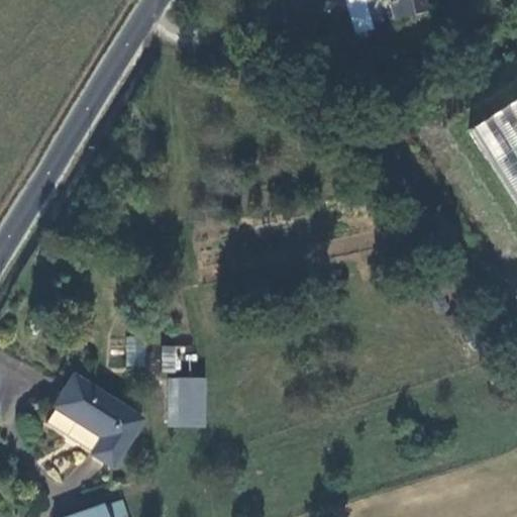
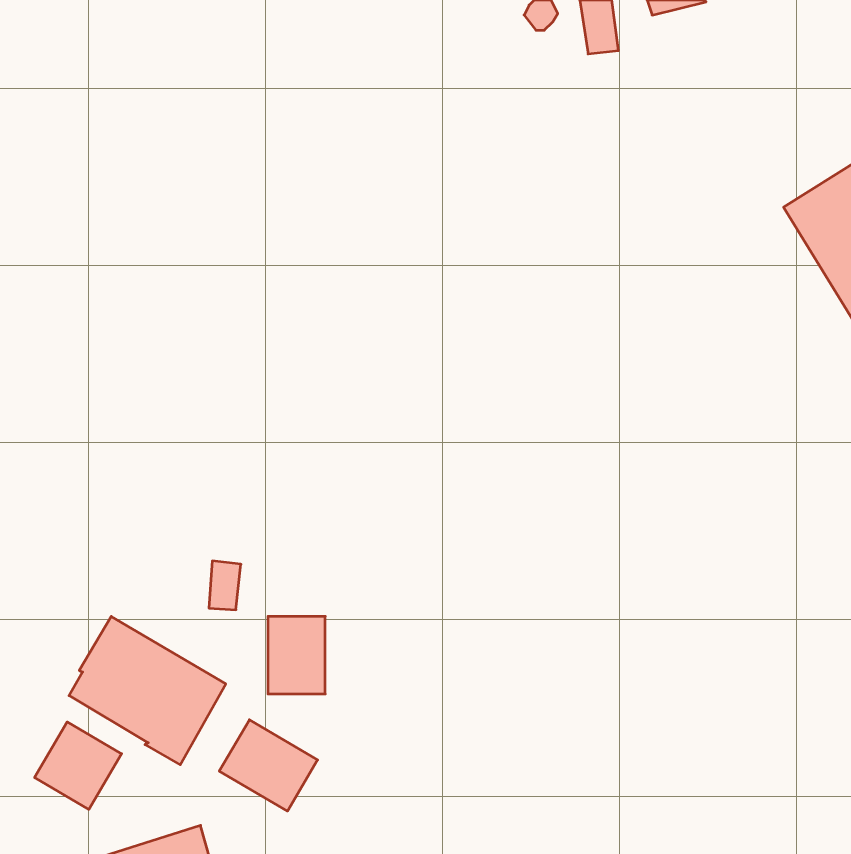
building: none -> [219,720,318,811]
building: none -> [35,722,122,809]

